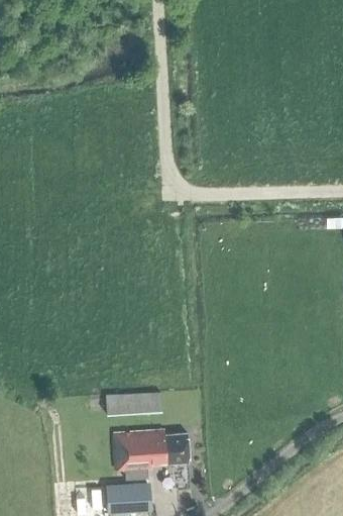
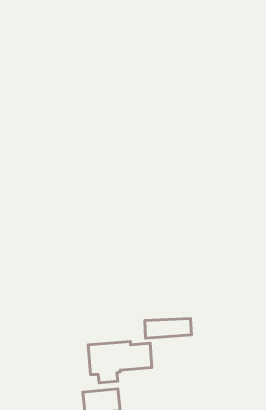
building: [106,391,161,414] -> [145,319,191,338]

